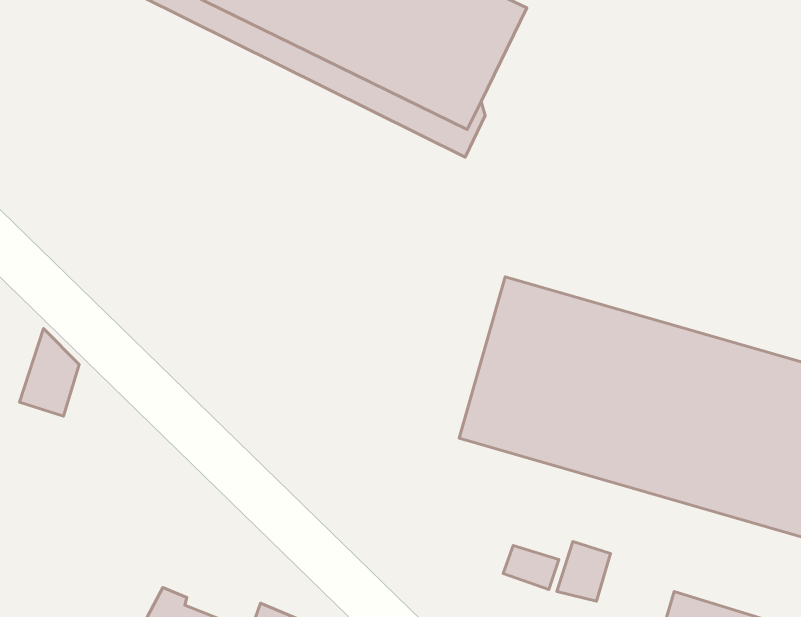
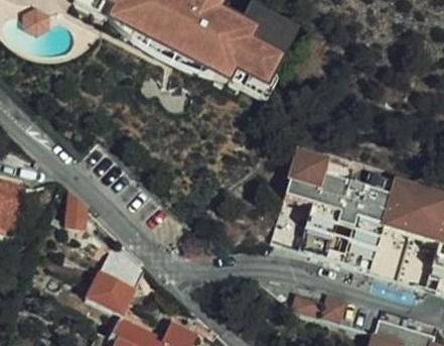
building: none -> [84,267,136,313]

